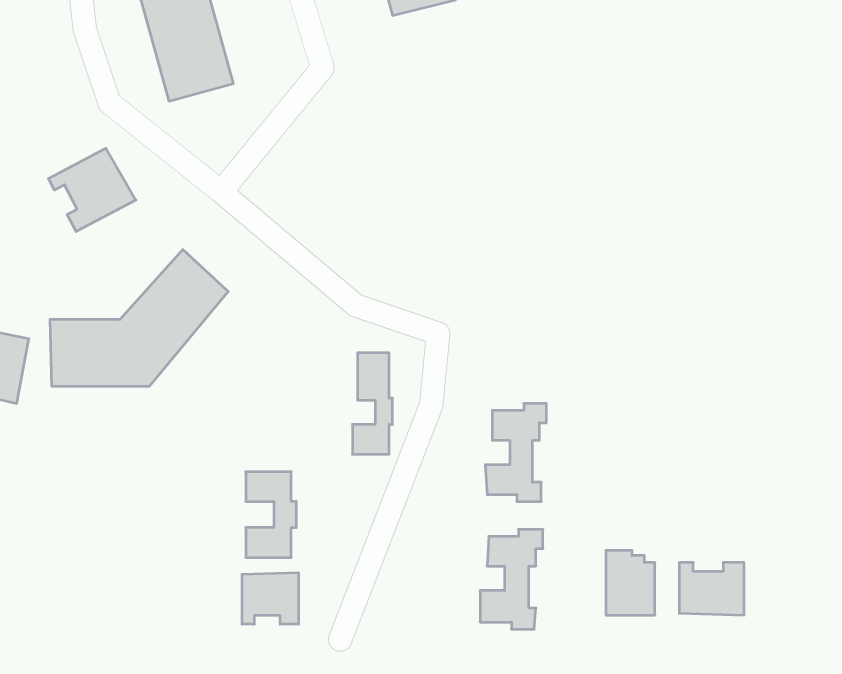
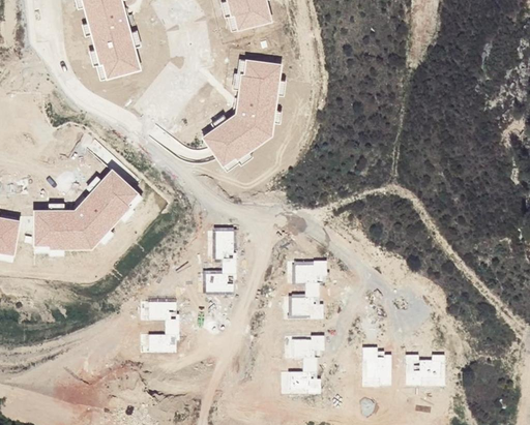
building: none -> [202,59,282,169]
building: [48,148,136,232] -> none
building: [242,573,298,624] -> none

